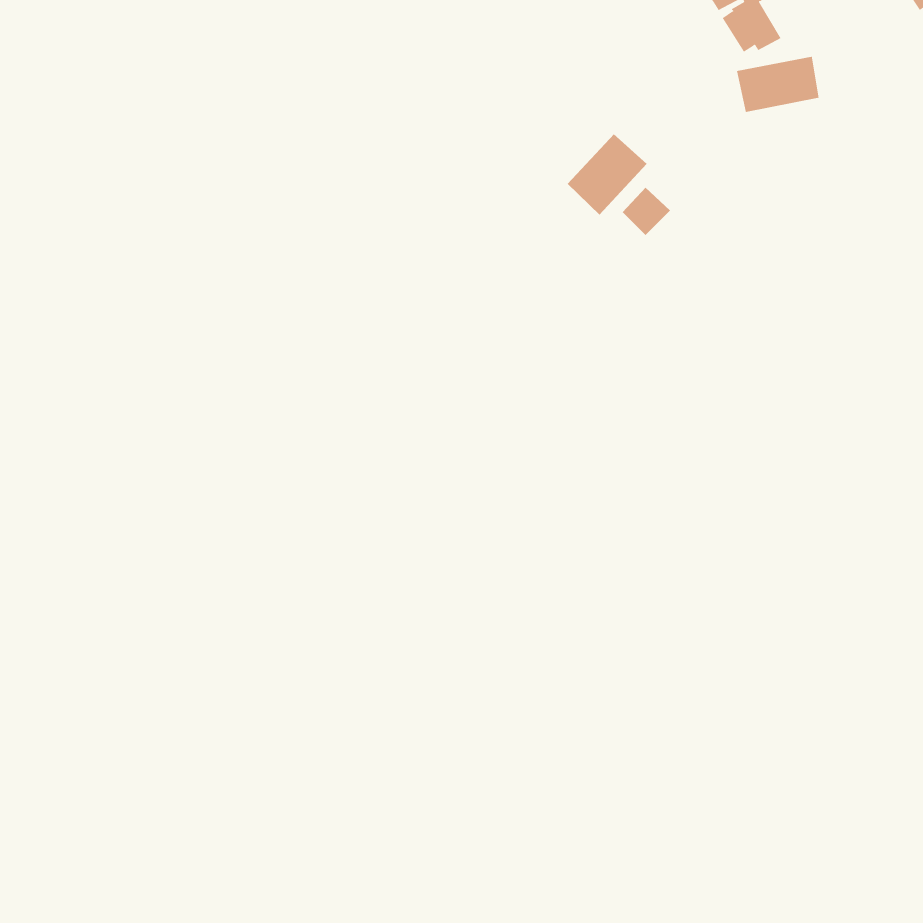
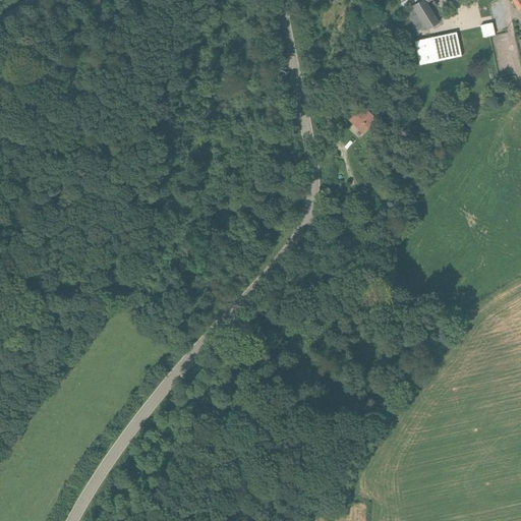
building: [567,134,647,216] -> none

